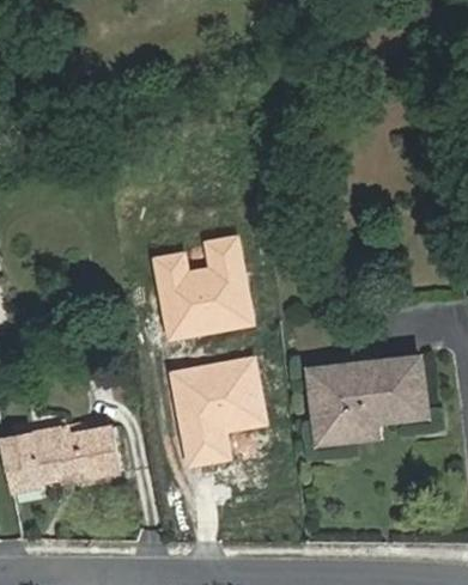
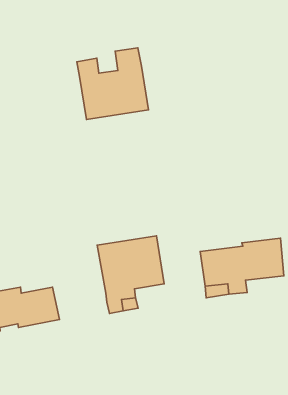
building: [154,236,253,334] -> [77,48,148,119]

